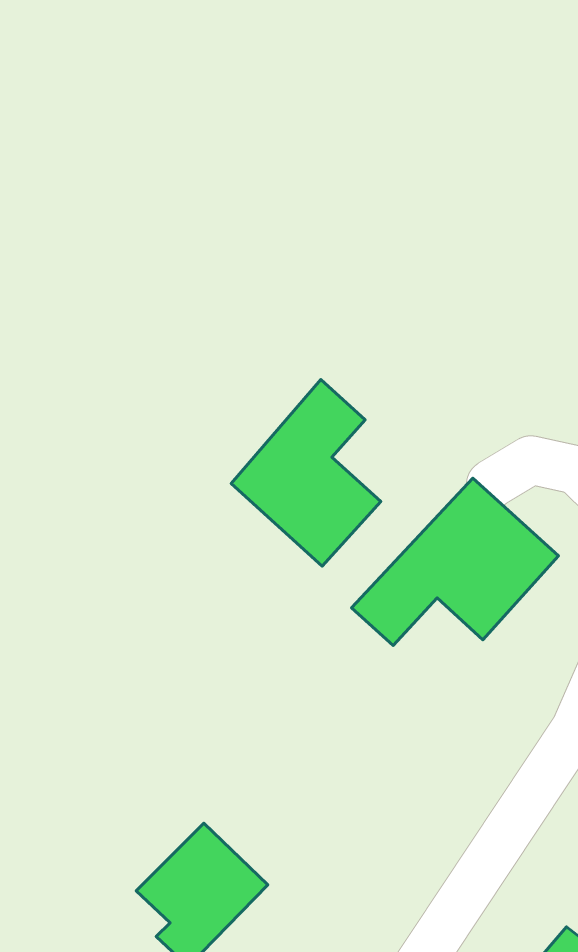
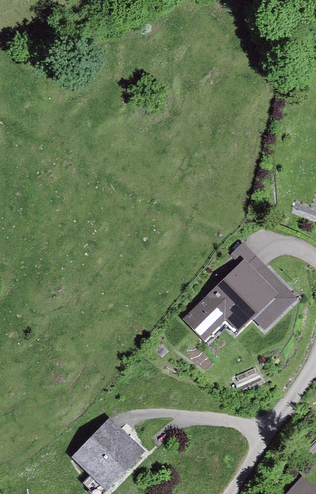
building: [231,380,381,566] -> none

